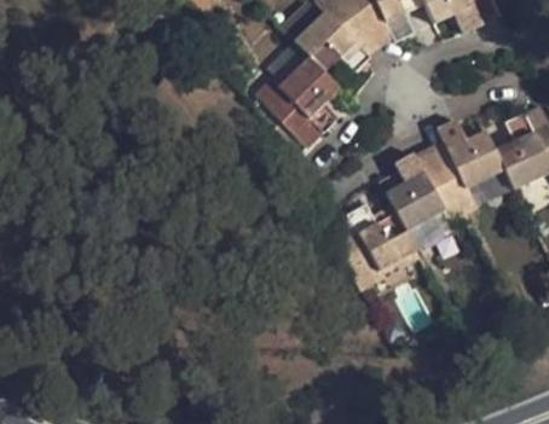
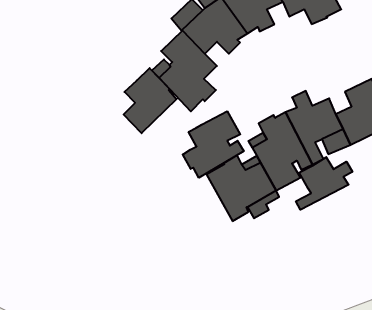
building: none -> [124,68,177,133]
building: none -> [183,111,244,178]
building: none -> [296,157,352,210]

